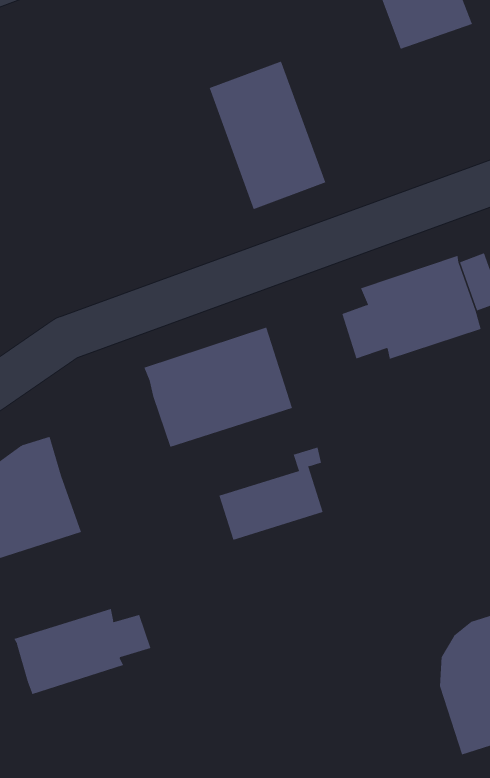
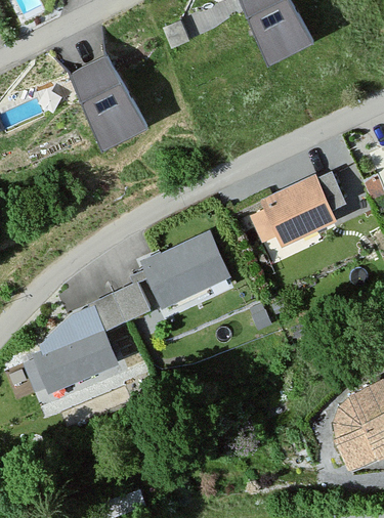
building: [209,61,326,210] -> [69,56,143,145]
building: [219,447,323,541] -> [88,270,151,331]
building: [13,608,151,695] -> none

